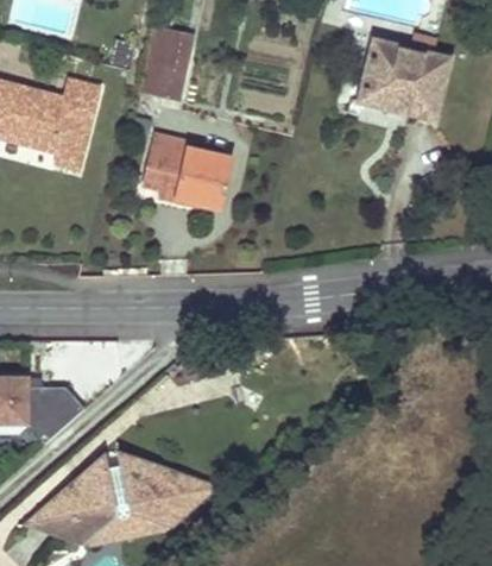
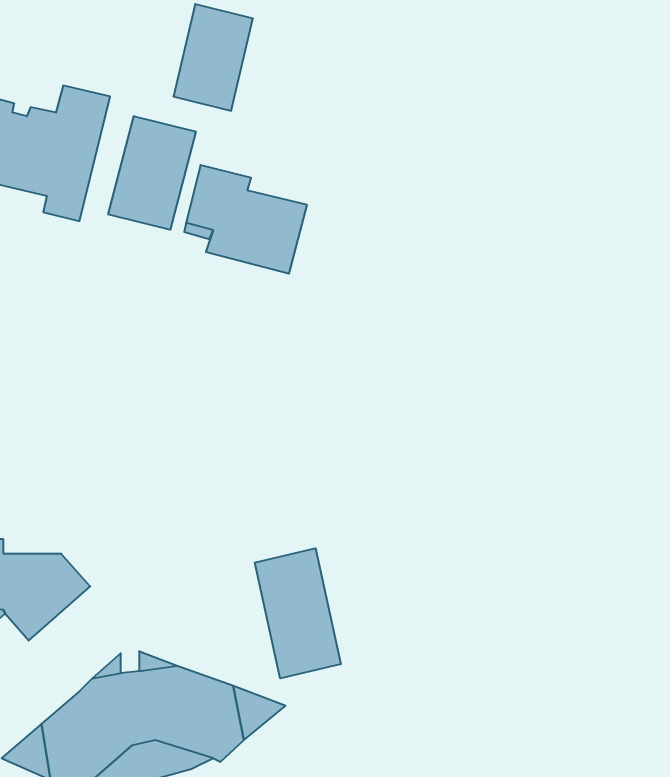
building: [358,37,448,115] -> none
building: none -> [108,116,196,230]
building: none -> [255,548,341,678]

